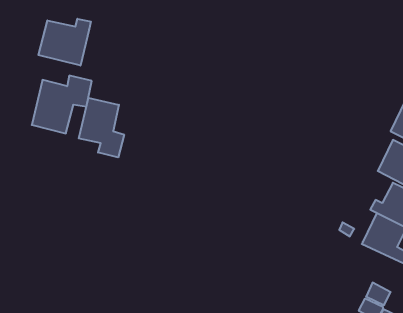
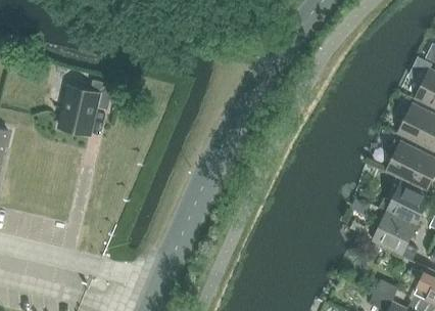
building: [38,19,91,66] -> none
building: [79,98,124,157] -> none

